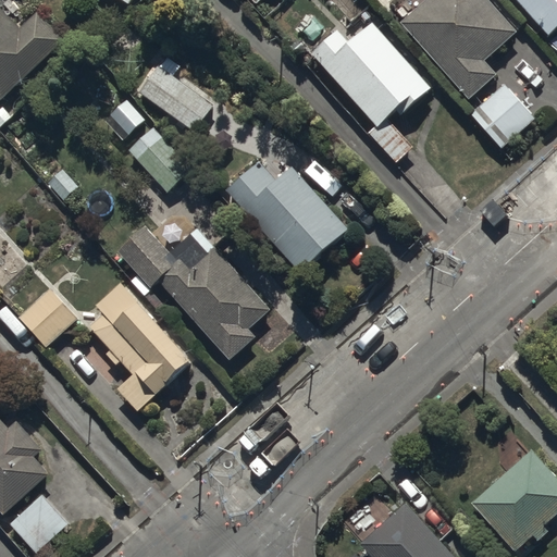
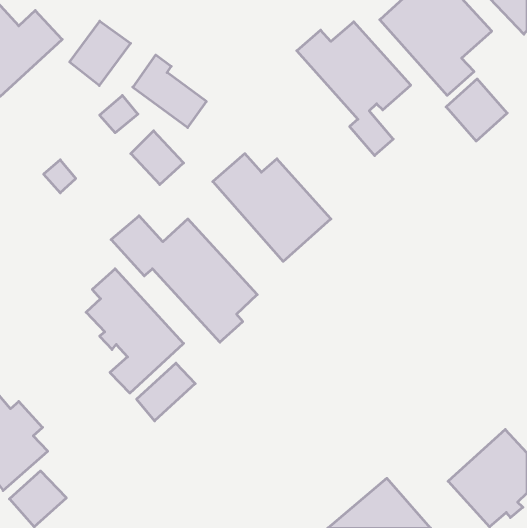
building: none -> [70,21,131,86]
building: [18,287,77,346] -> none
building: none -> [137,363,195,421]

